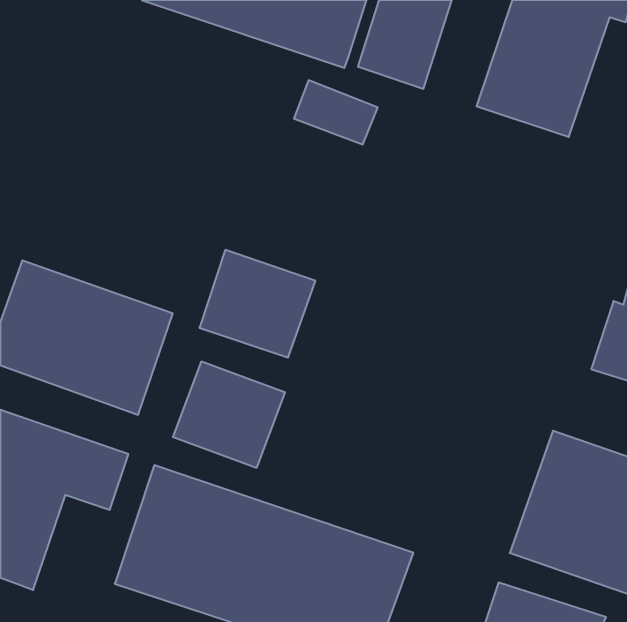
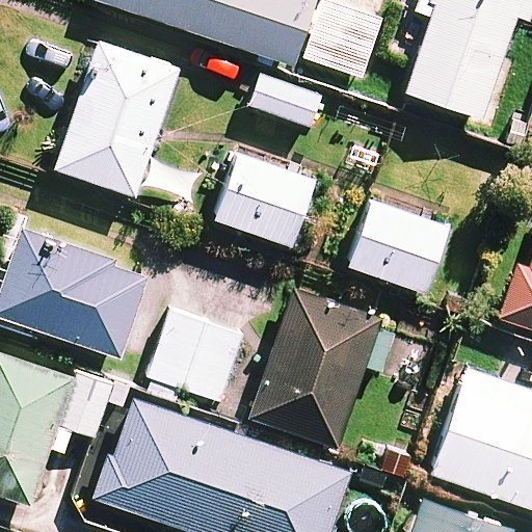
building: none -> [56,44,179,194]
building: none -> [349,198,448,290]
building: [199,250,315,357] -> [216,152,314,242]
building: none -> [250,292,398,447]

